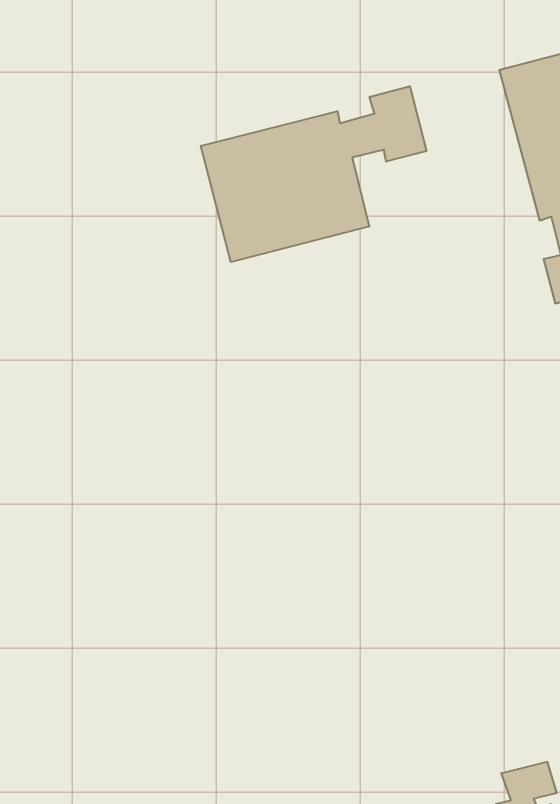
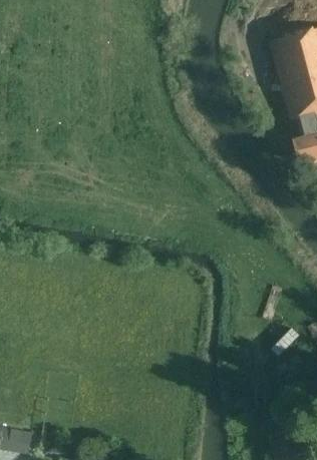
building: [201,86,426,262] -> none

